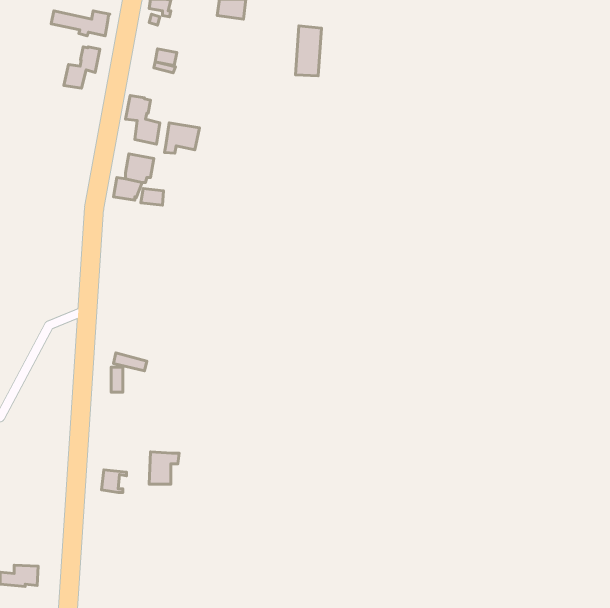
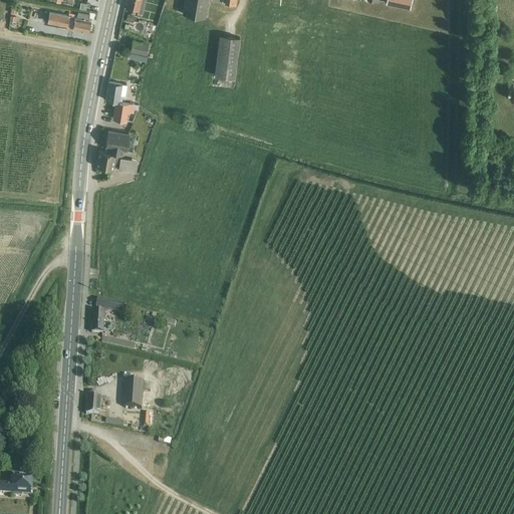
building: [295,26,322,76] -> [216,34,238,76]
building: [64,47,100,88] -> none
building: [164,123,199,153] -> none

